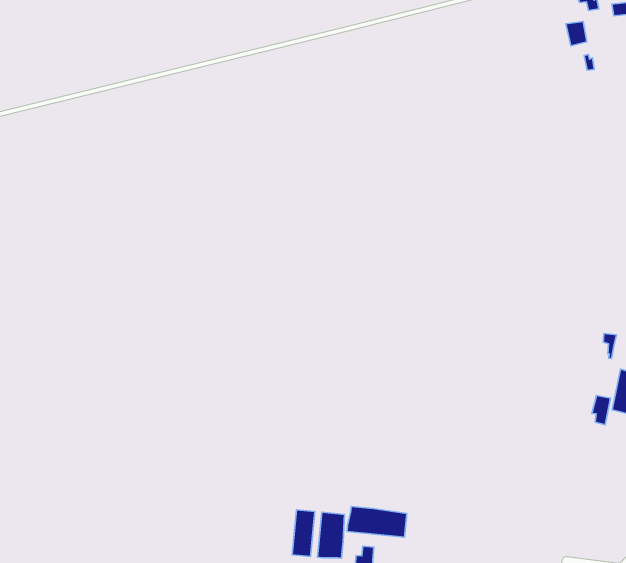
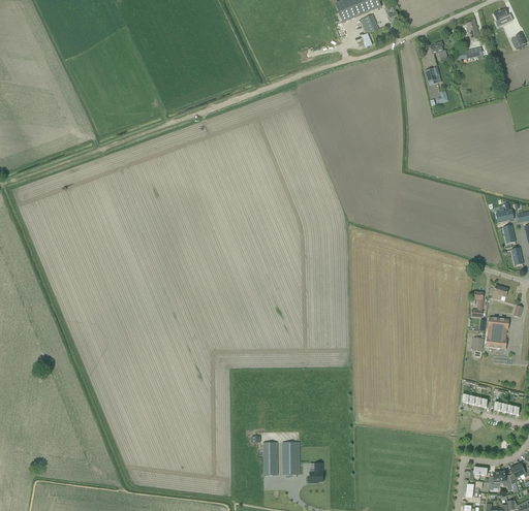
building: [347,506,407,537] -> none

